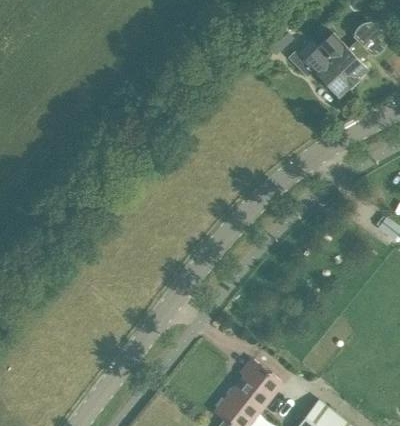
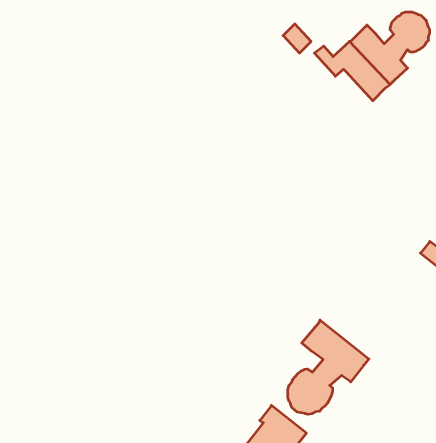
building: none -> [288,320,369,414]

